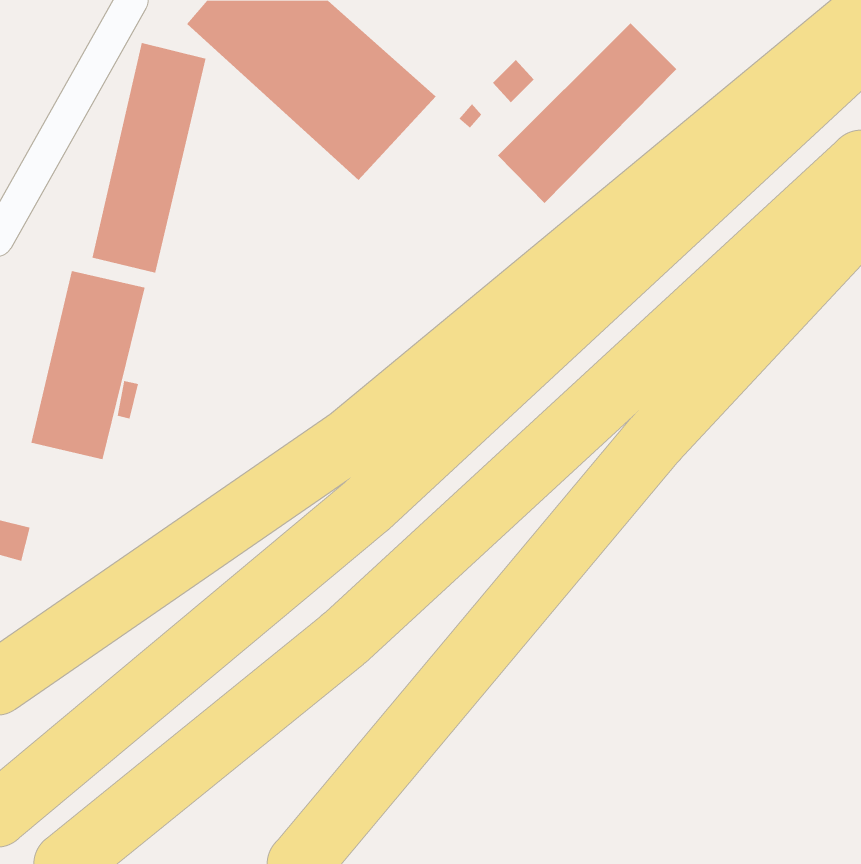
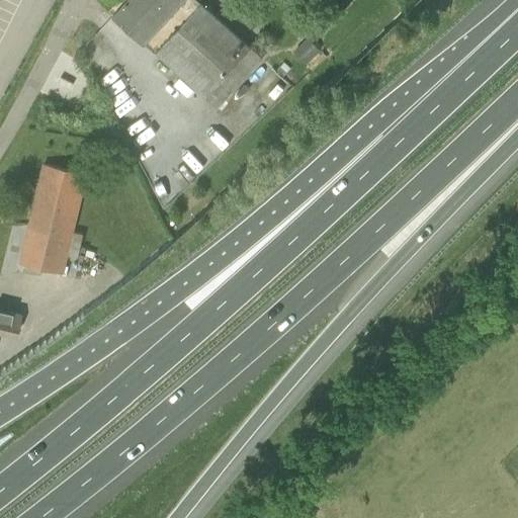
building: [497,22,677,204] -> none
building: [92,42,206,273] -> none

